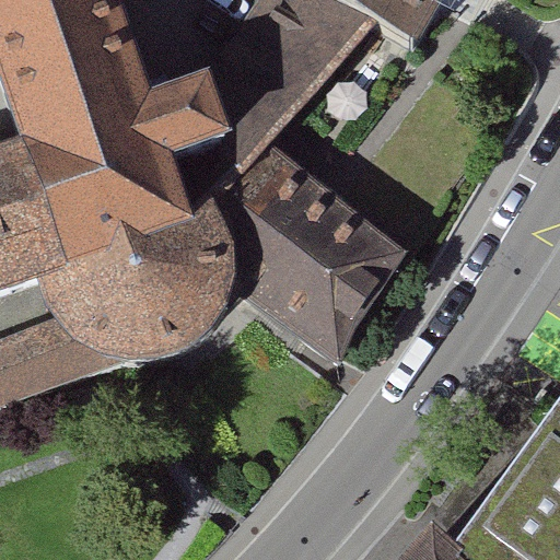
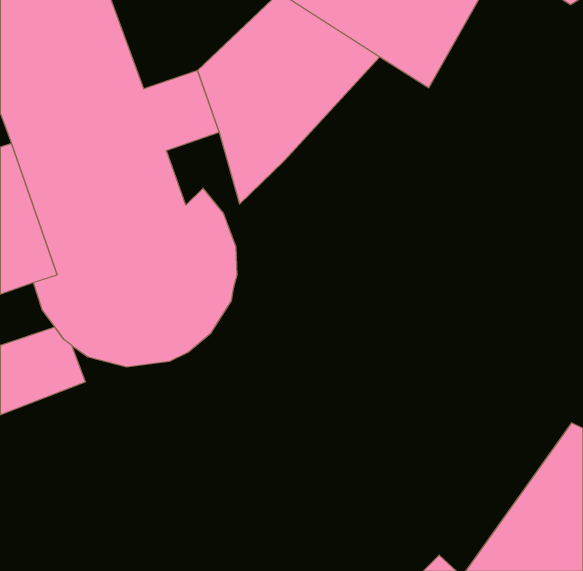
building: [195,154,406,383] -> none

